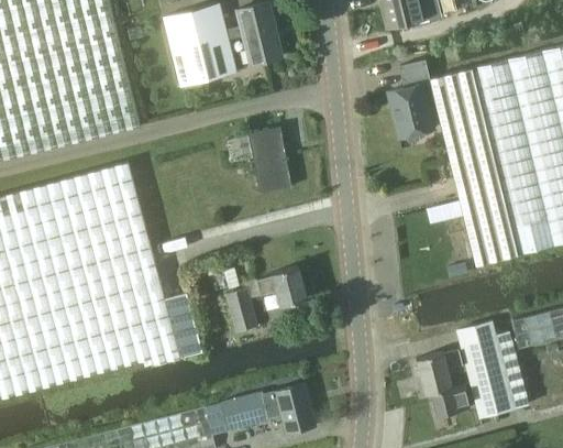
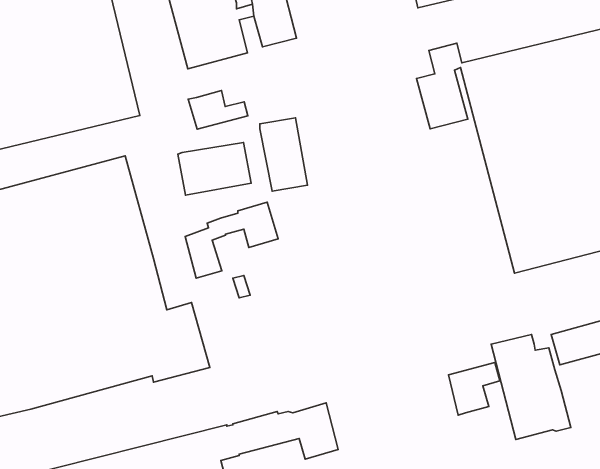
building: none -> [188,91,248,129]
building: none -> [178,142,251,195]
building: [225,265,309,334] -> [185,202,278,278]
building: [433,385,472,416] -> none

